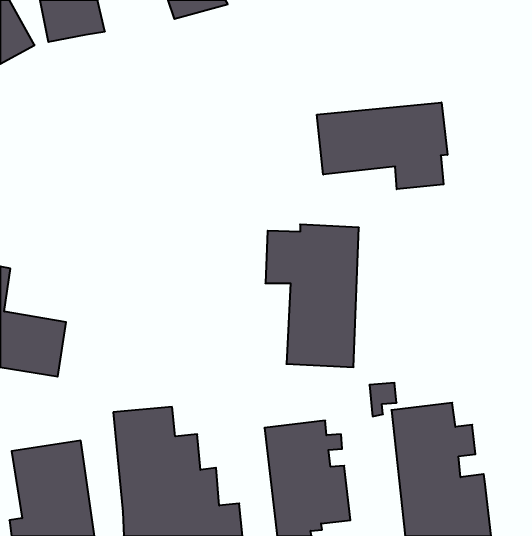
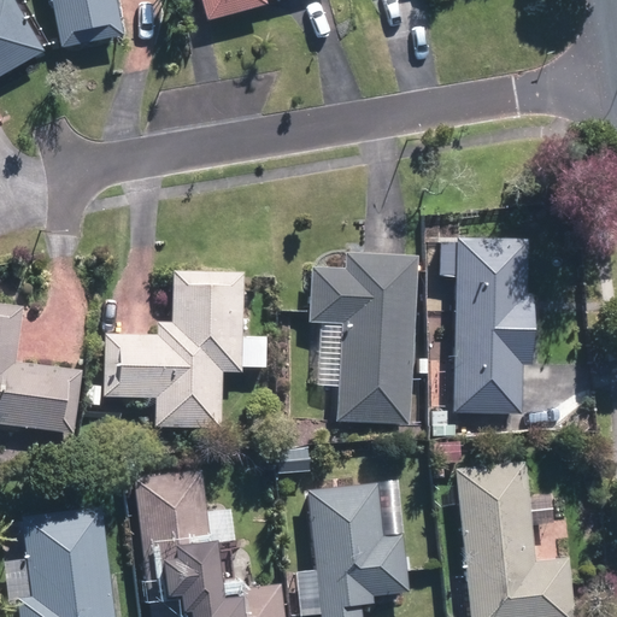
building: [317,102,447,189] -> none
building: none -> [439,239,558,415]
building: none -> [81,270,266,427]

